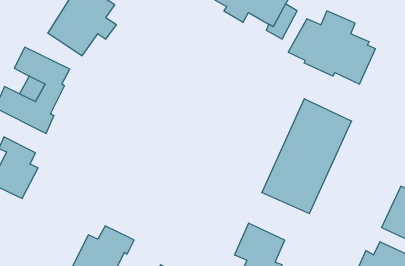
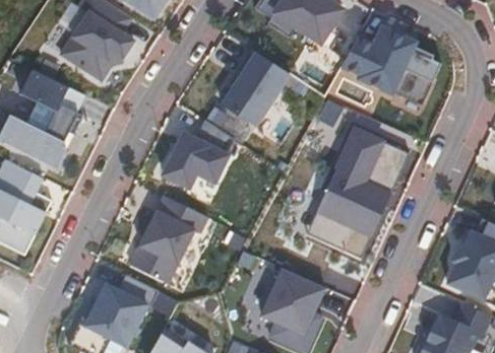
building: none -> [219,48,290,127]
building: none -> [163,120,235,188]
building: none -> [118,208,197,289]

